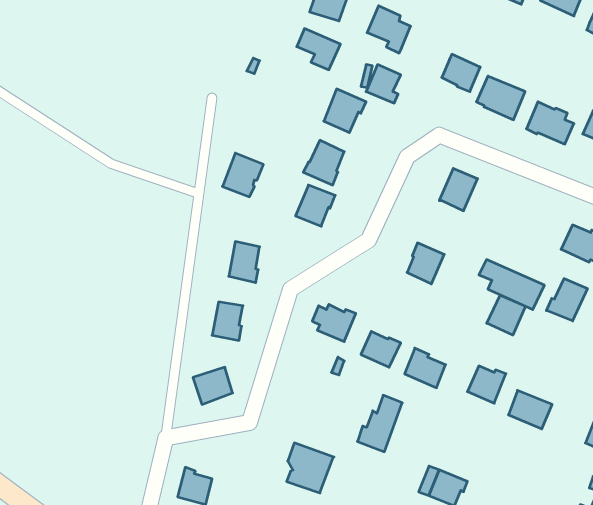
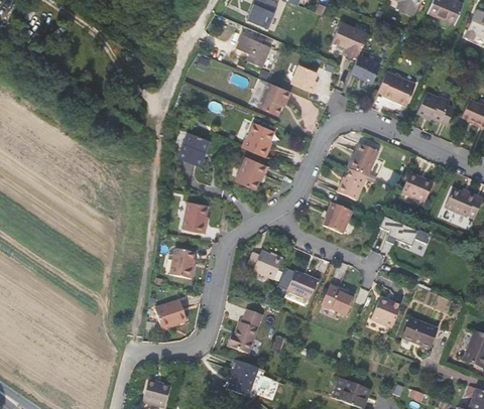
building: [367,6,411,53] -> [331,20,365,57]
building: none -> [337,168,367,200]
building: none -> [400,172,432,201]
building: [546,279,587,321] -> none
building: [487,295,526,335] -> none
building: [357,395,402,452] -> [227,308,262,353]

